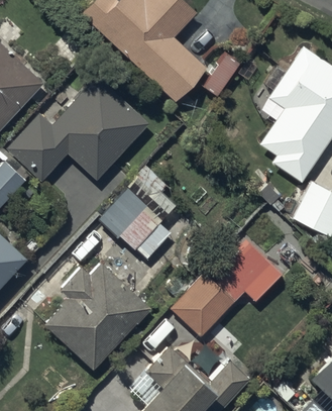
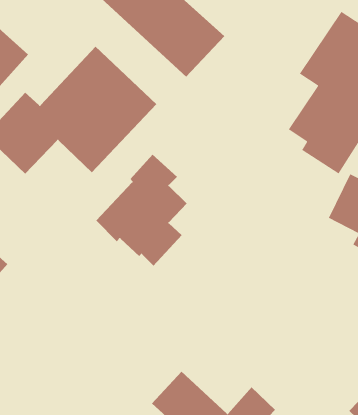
building: [174,242,283,335] -> none
building: [44,263,150,371] -> none

